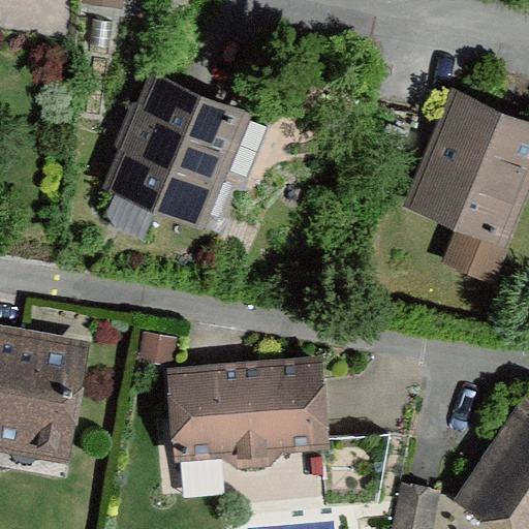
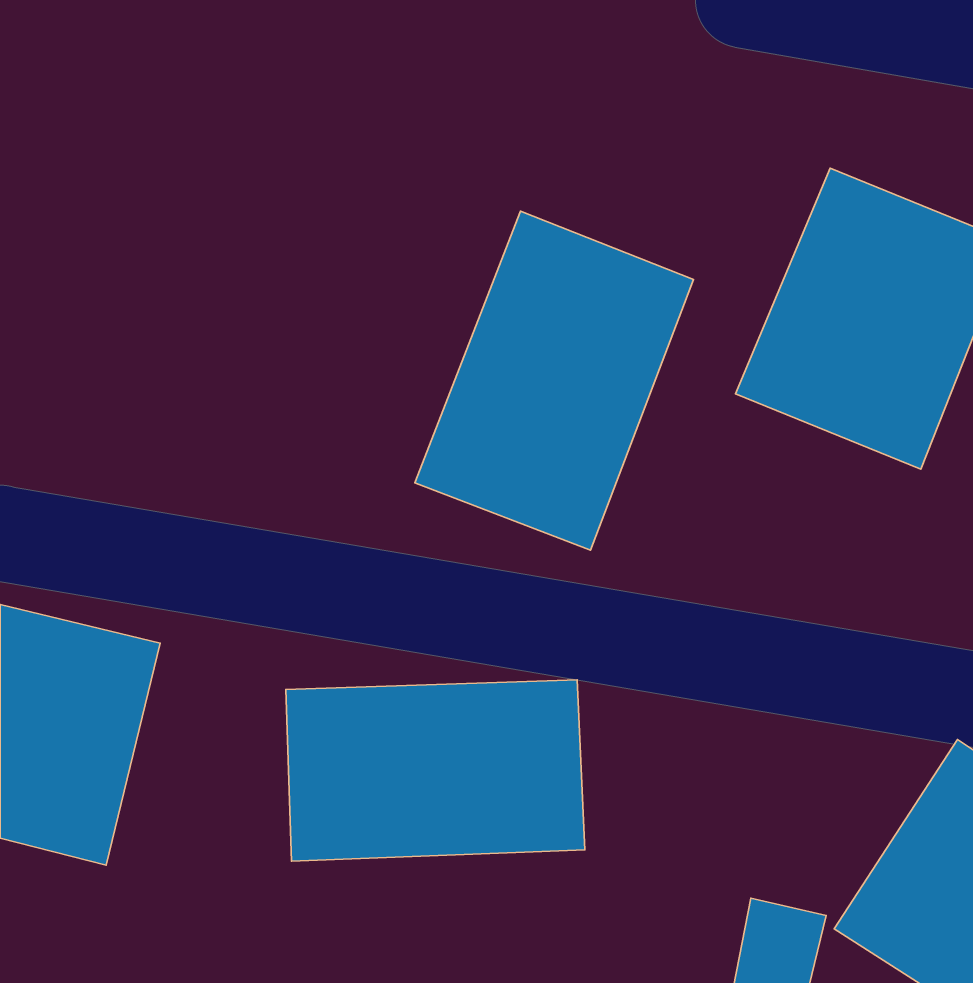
building: [98,68,255,248] -> none
building: none -> [415,211,694,550]

